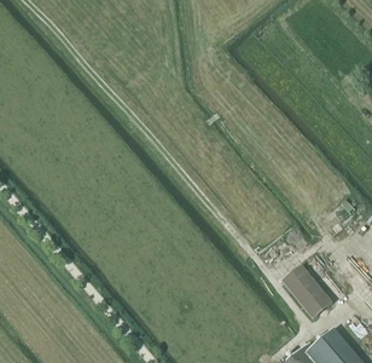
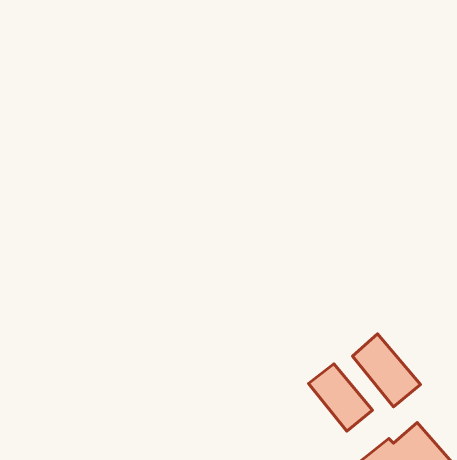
building: none -> [309,364,372,431]

